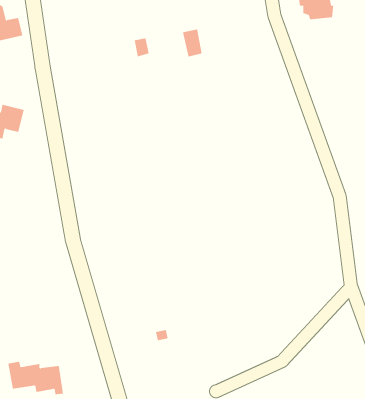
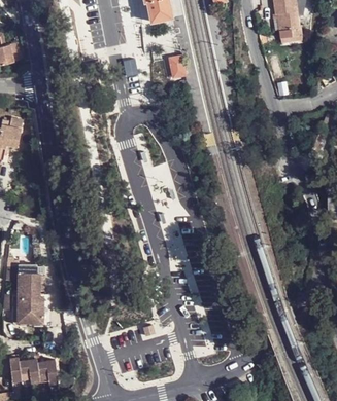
building: none -> [15,272,43,322]

